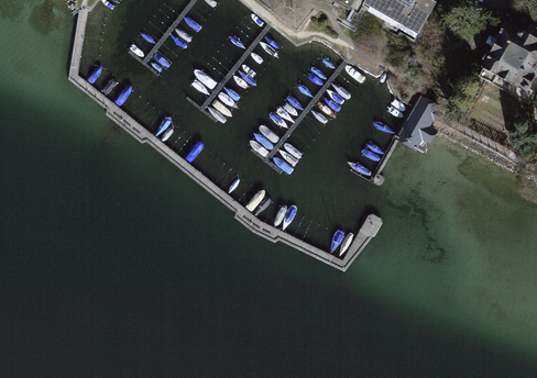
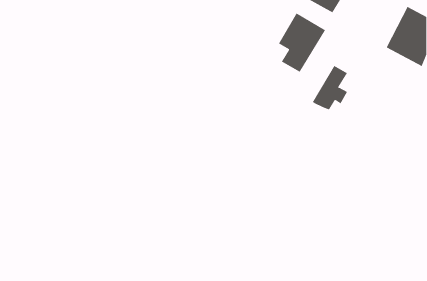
building: none -> [278,12,326,73]

